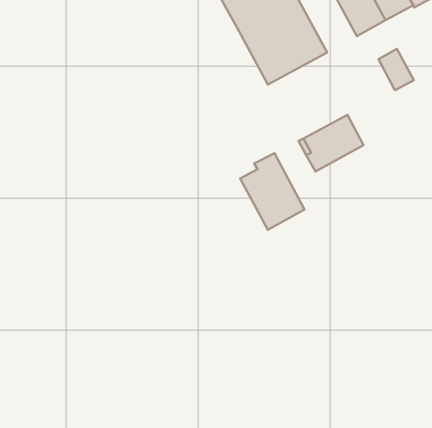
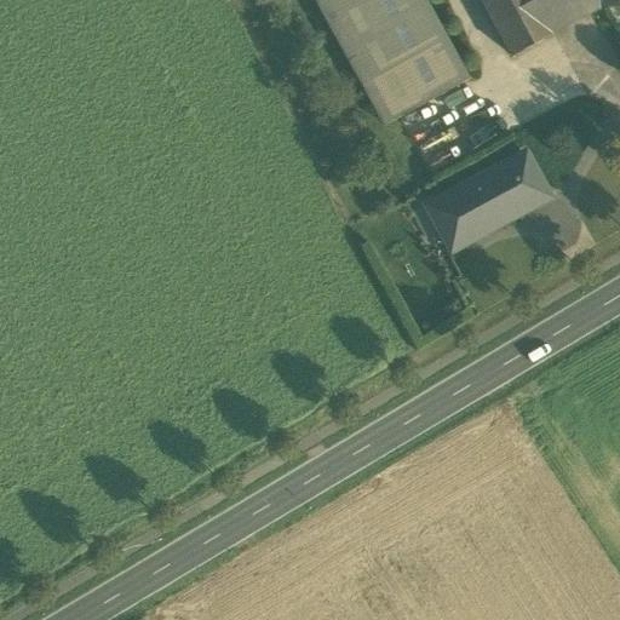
building: [378,49,414,90] -> [498,150,549,209]
building: [240,153,304,230] -> none

